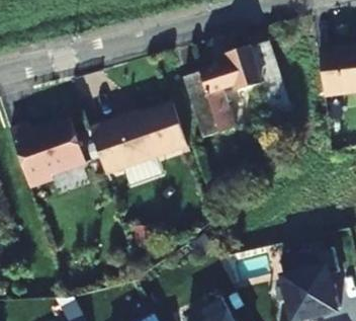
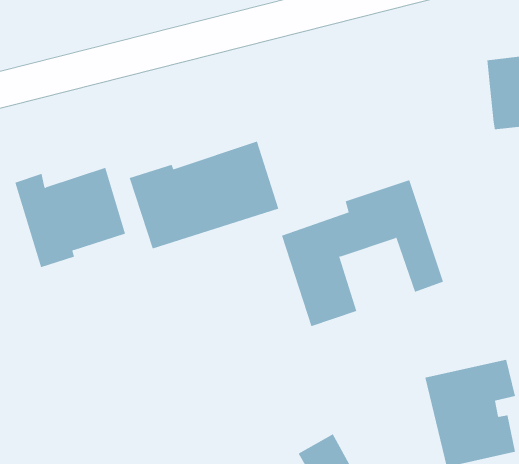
building: [184,42,290,138] -> [281,180,444,327]

